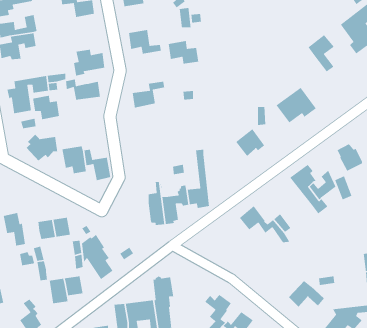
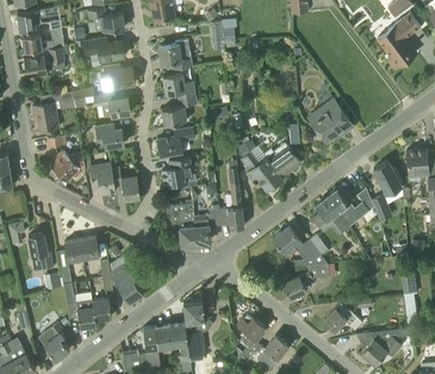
building: none -> [83,37,125,60]
building: [308,34,335,72] -> none
building: [168,40,199,64] -> [163,74,195,99]
building: [32,95,60,120] -> [95,121,124,148]
building: none -> [157,126,194,156]
building: none -> [238,139,281,189]
building: none -> [162,157,192,186]
building: none -> [312,197,349,232]
building: none -> [282,263,328,298]

